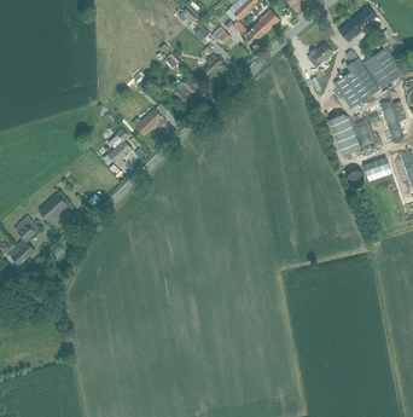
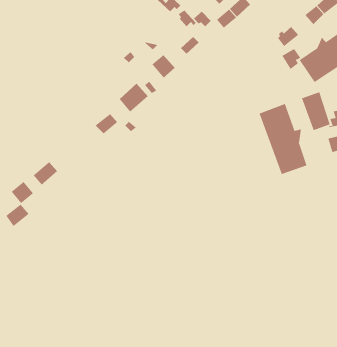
building: none -> [259,103,307,175]

